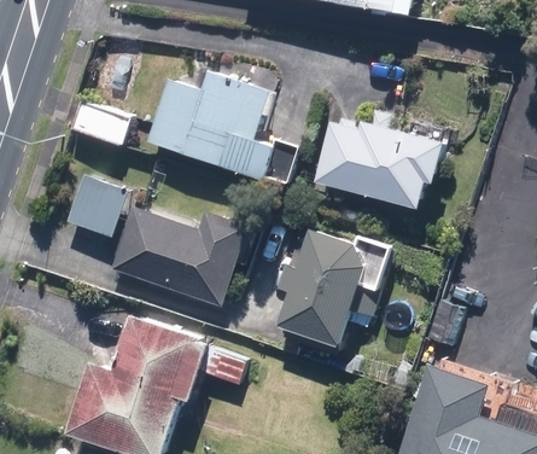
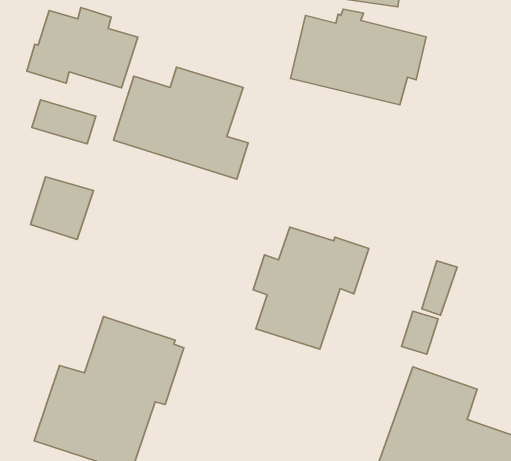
building: none -> [27,8,138,88]
building: [316,112,446,204] -> [290,9,426,105]
building: [104,208,244,308] -> none

